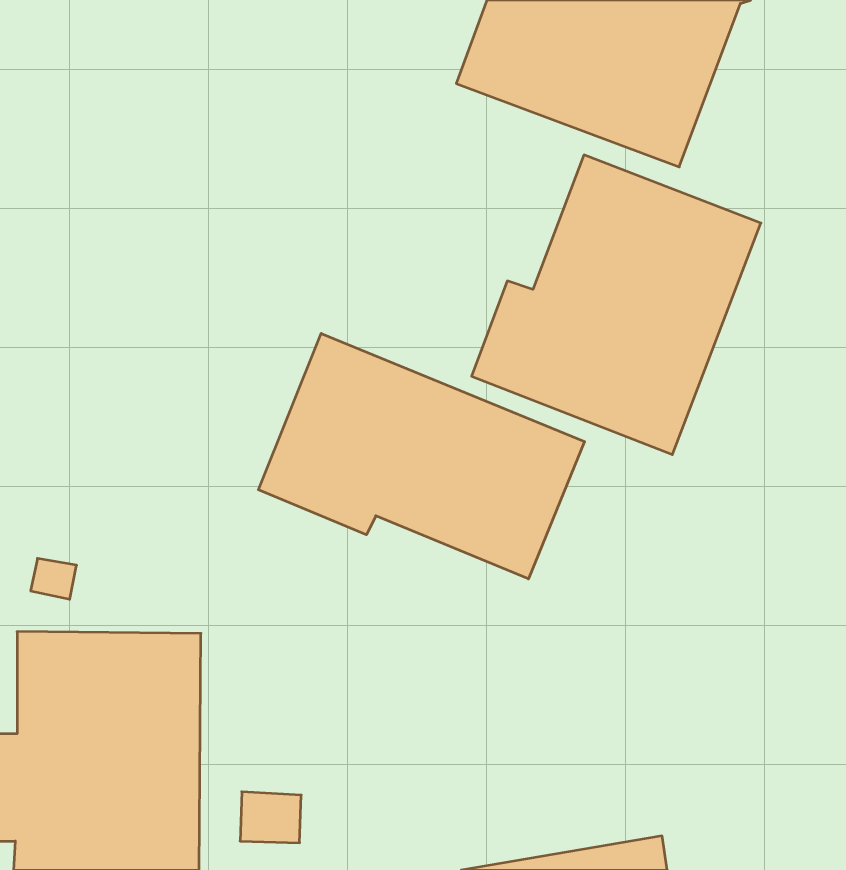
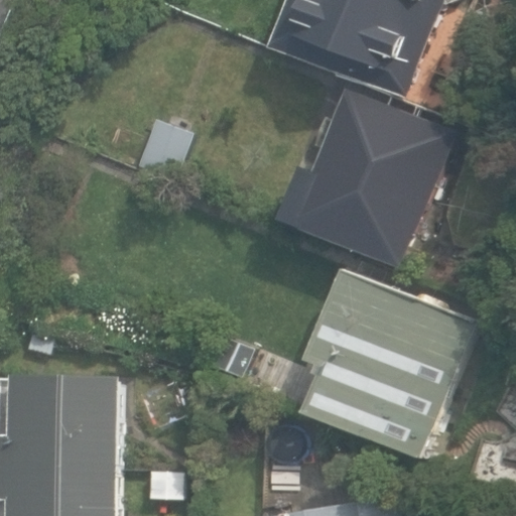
building: [258,333,585,579] -> none
building: none -> [306,268,475,458]

